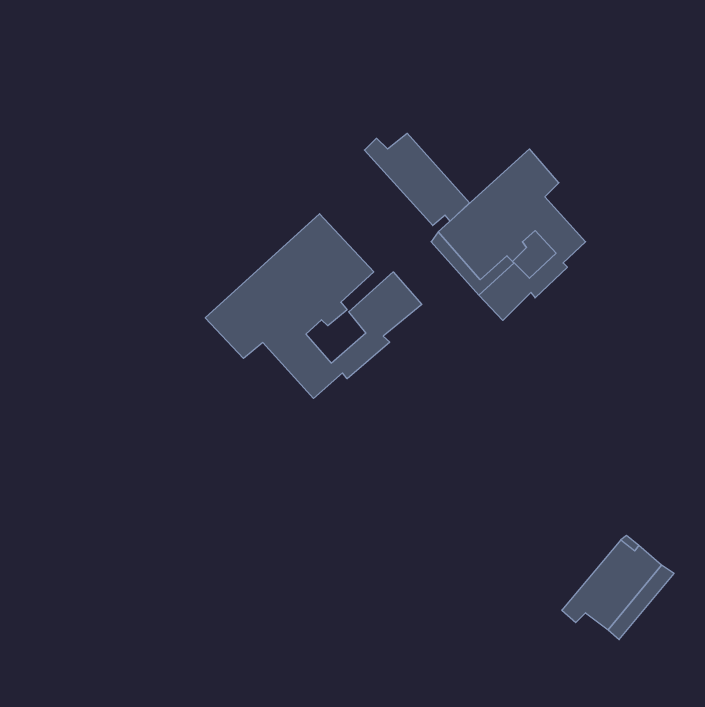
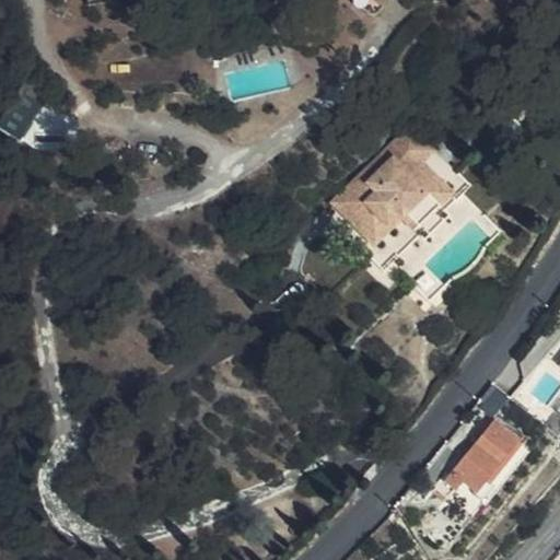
building: [364,133,469,226] -> none
building: [205,214,422,398] -> none

